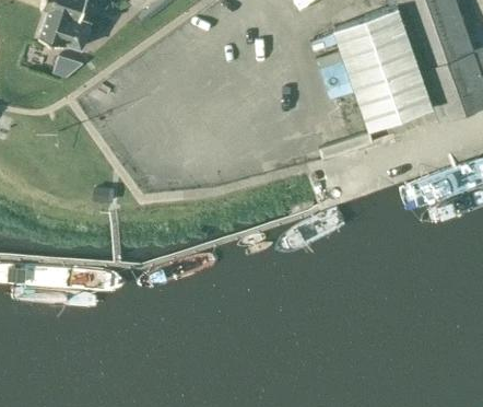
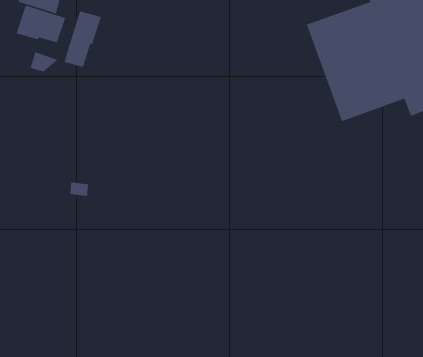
building: none -> [64,10,102,68]

